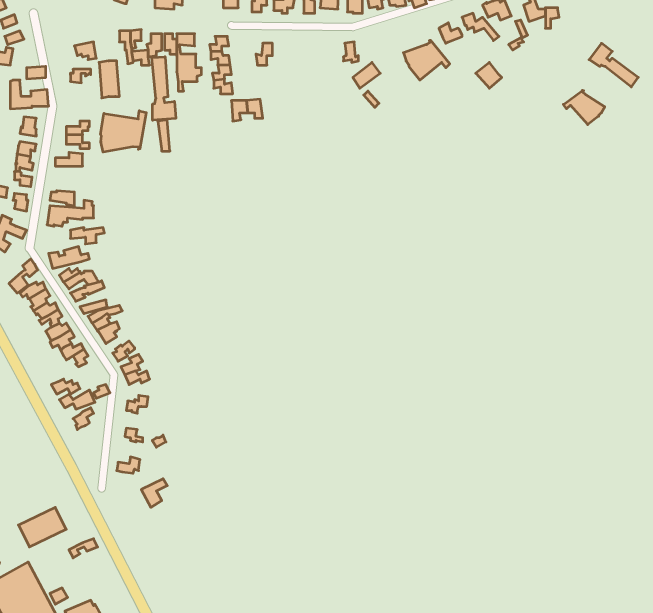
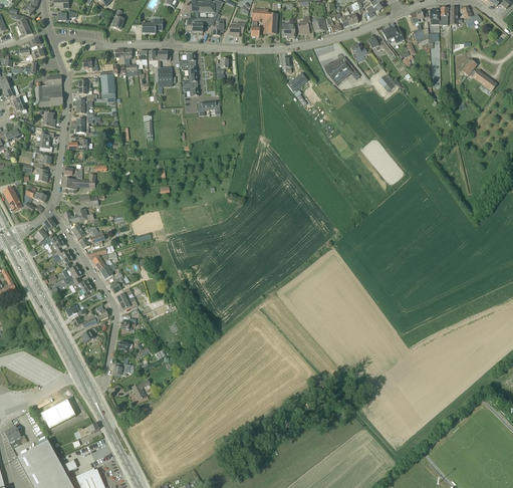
building: [152,57,176,120] -> none
building: [563,90,605,125] -> none
building: [101,111,146,152] -> none

